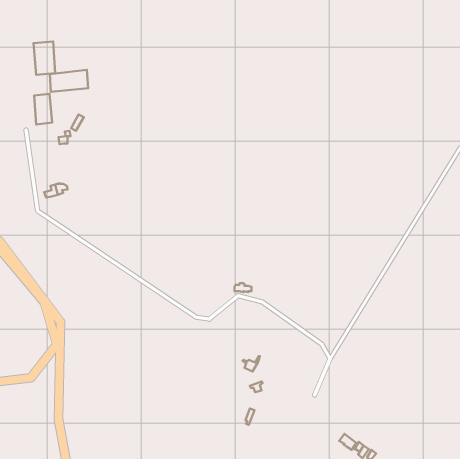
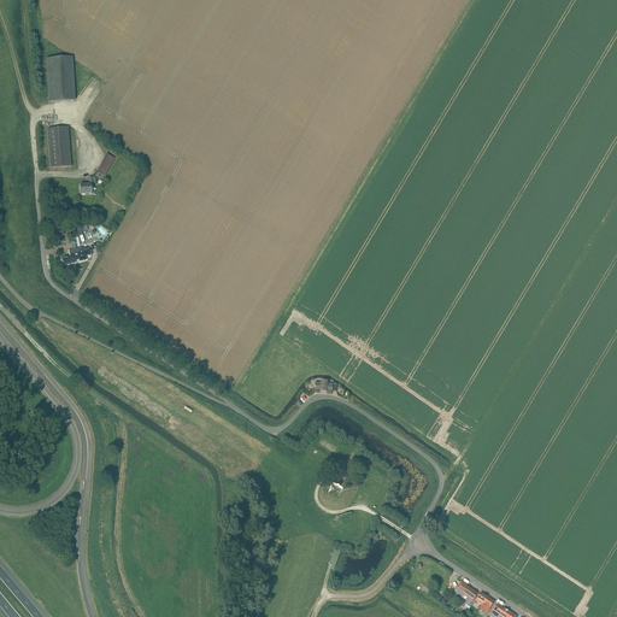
building: [50,70,88,92] -> none

